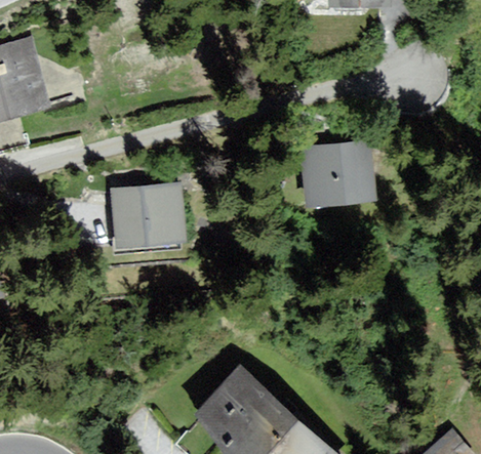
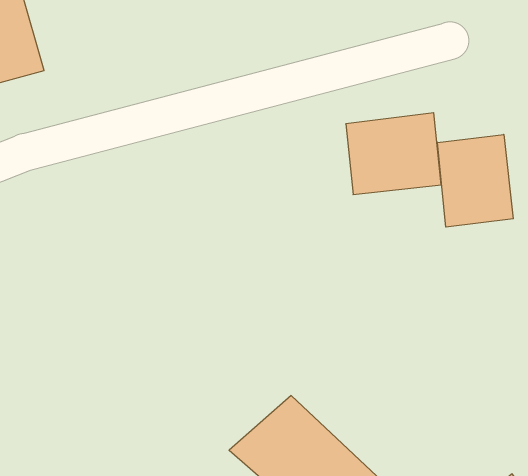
building: none -> [438,134,513,227]
building: [109,184,184,250] -> none

